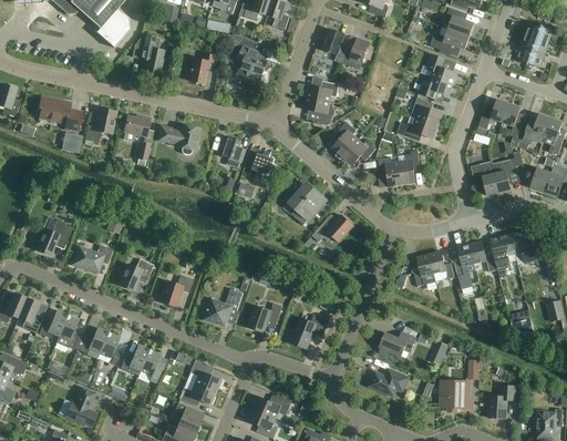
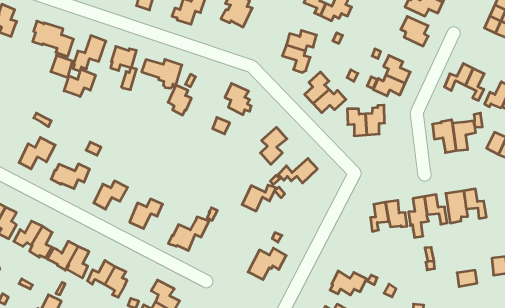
building: [419,76,453,99] -> none
building: [221,136,246,167] -> [168,85,191,115]
building: none -> [64,69,95,97]
building: [248,302,282,331] -> [242,185,276,211]

